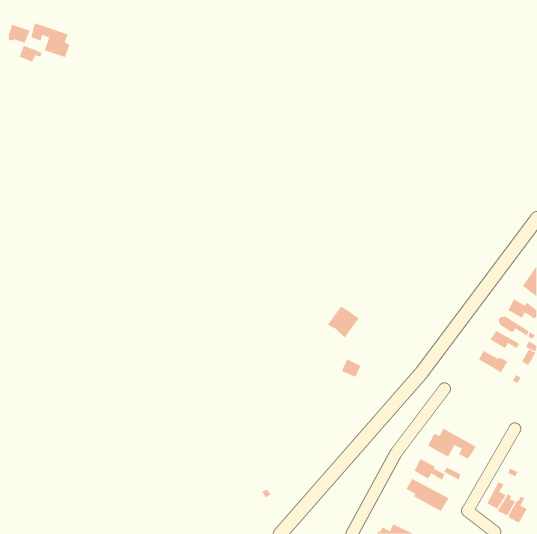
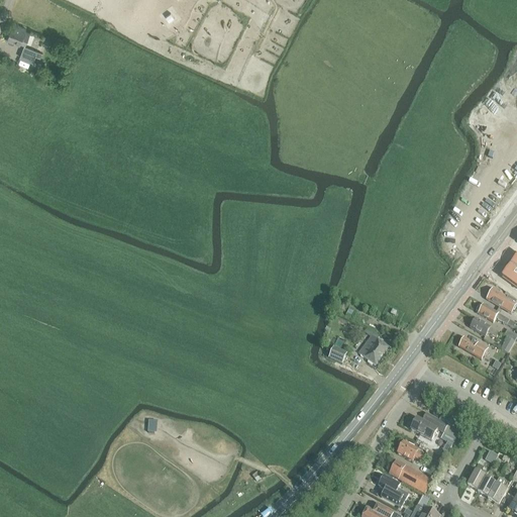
building: [31,23,70,58] -> none
building: [327,306,359,339] -> [356,333,388,365]
building: none -> [378,475,408,506]

